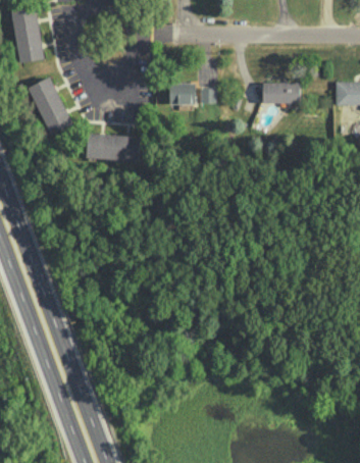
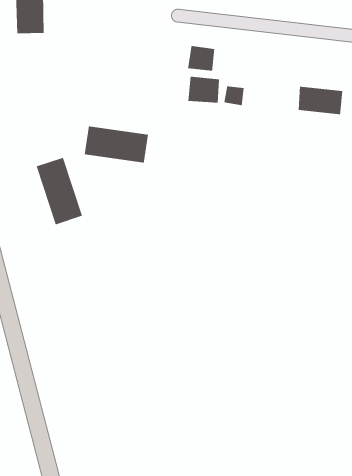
building: none -> [187,45,215,71]
building: [29,76,72,135] -> [36,157,83,225]

